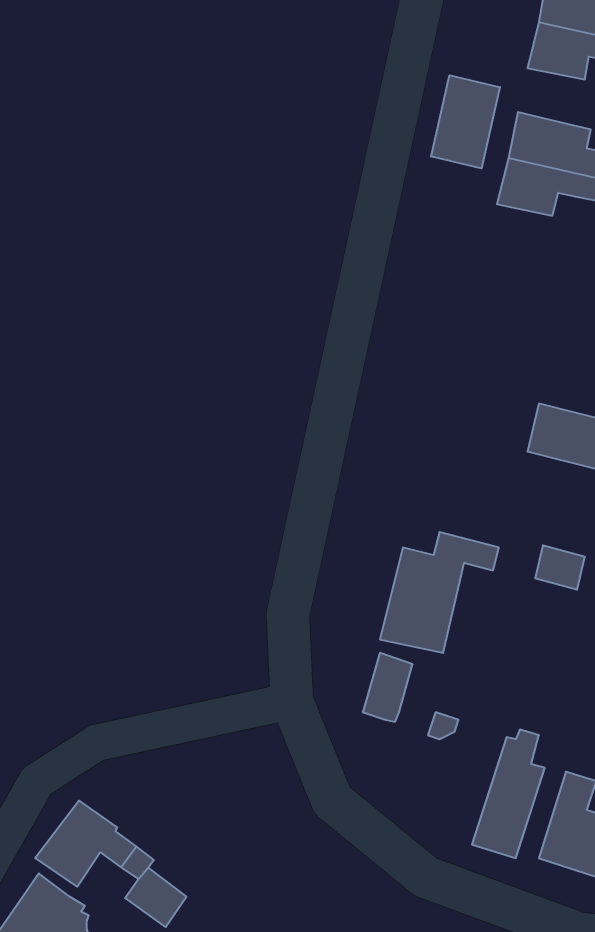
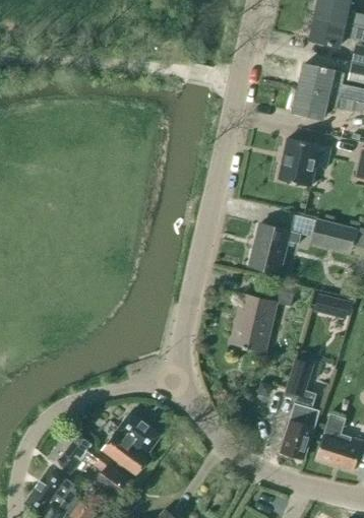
building: [431,75,500,168] -> none
building: none -> [279,138,330,187]
building: none -> [249,223,301,273]
building: [363,653,413,722] -> [286,360,312,396]
building: none -> [102,412,161,475]

